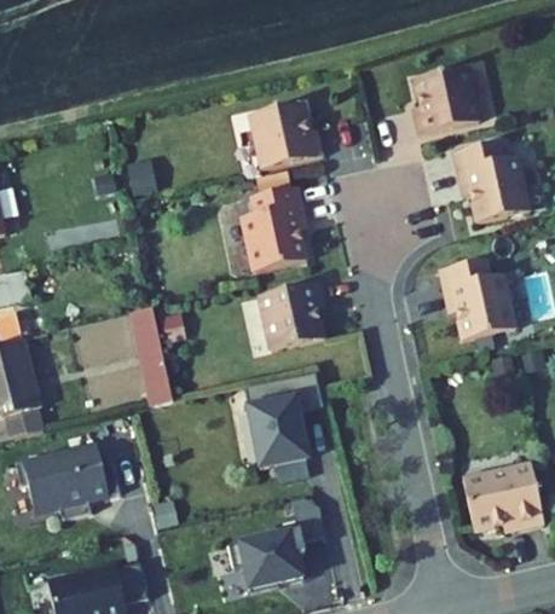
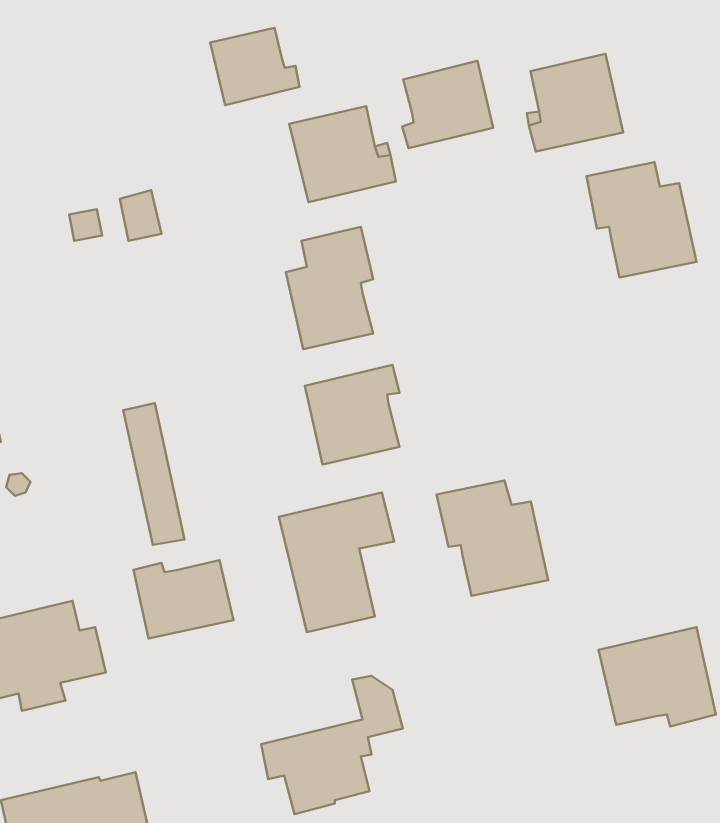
building: none -> [210,28,300,105]
building: none -> [402,61,493,148]
building: [437,259,514,338] -> [436,480,548,596]
building: none -> [134,560,233,638]

